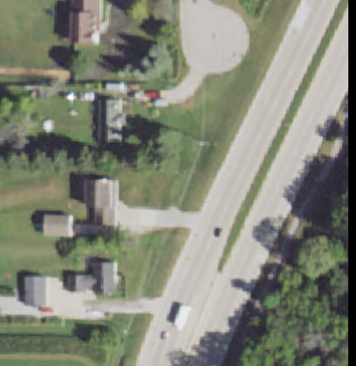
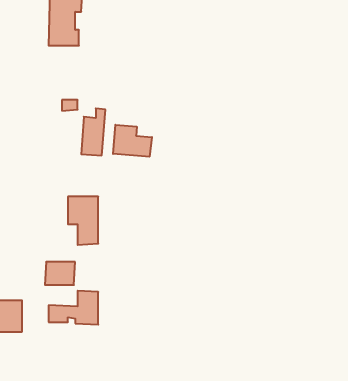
building: none -> [113,125,152,157]
building: [43,212,70,233] -> [45,262,75,285]

